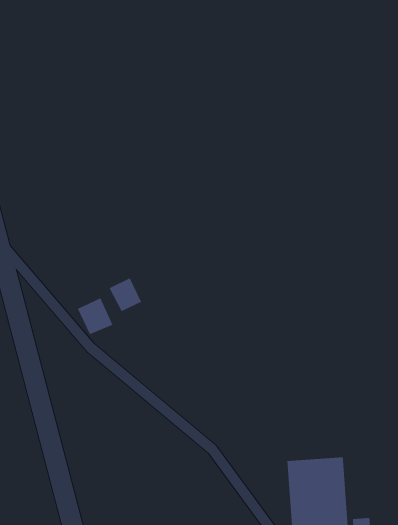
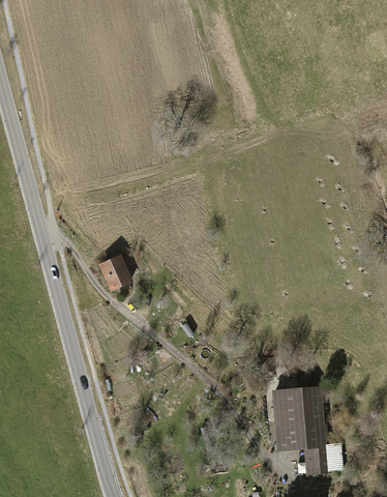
building: [109,277,142,312] -> none

